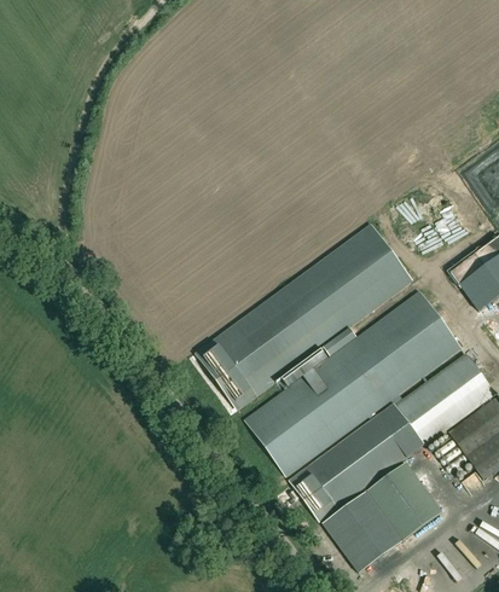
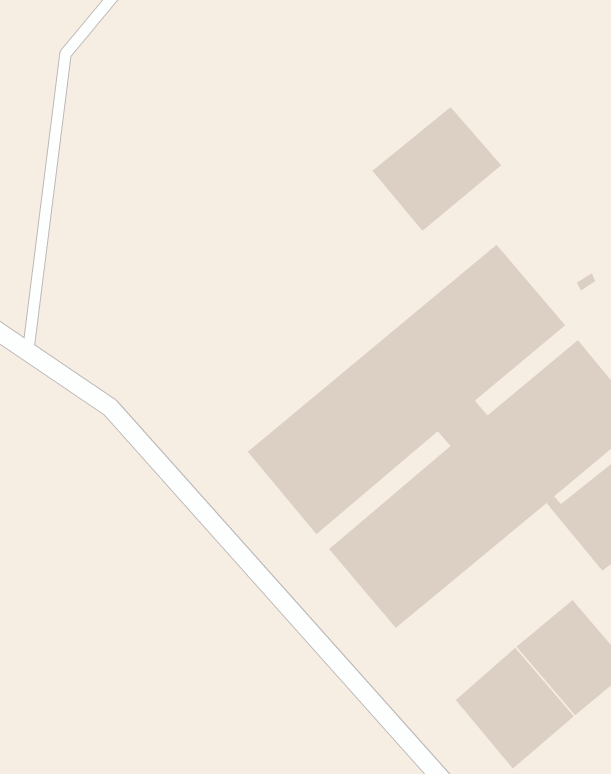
building: none -> [372,106,502,232]
building: [289,401,425,521] -> none

